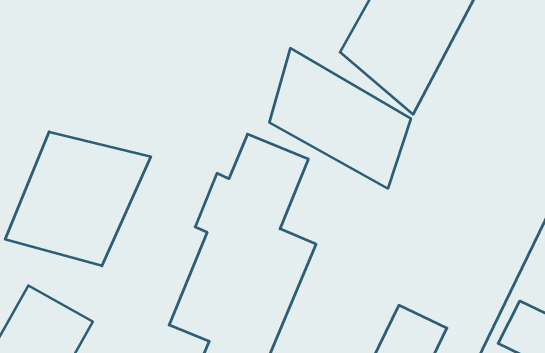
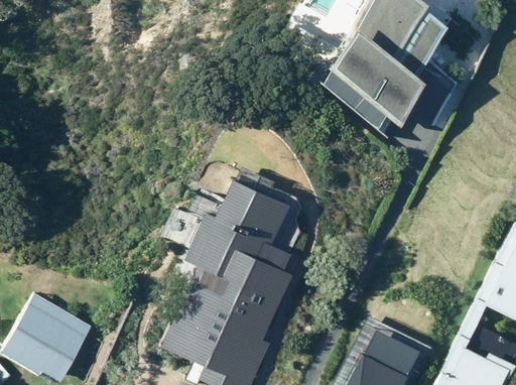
building: [270,48,411,188] -> none
building: [5,132,151,266] -> none

